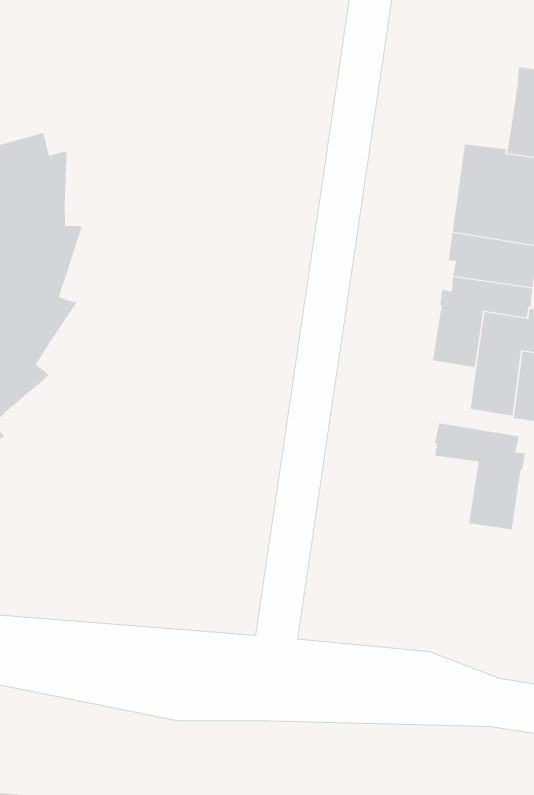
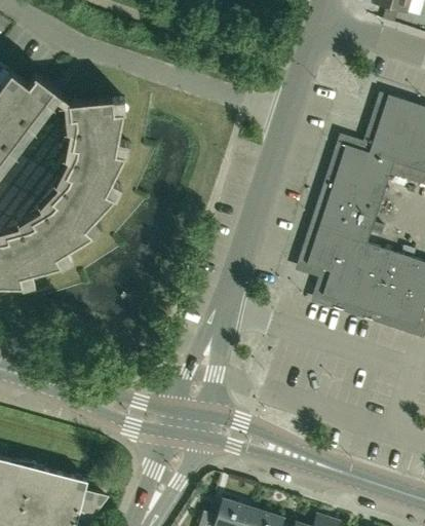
building: [434,423,525,530] -> none

